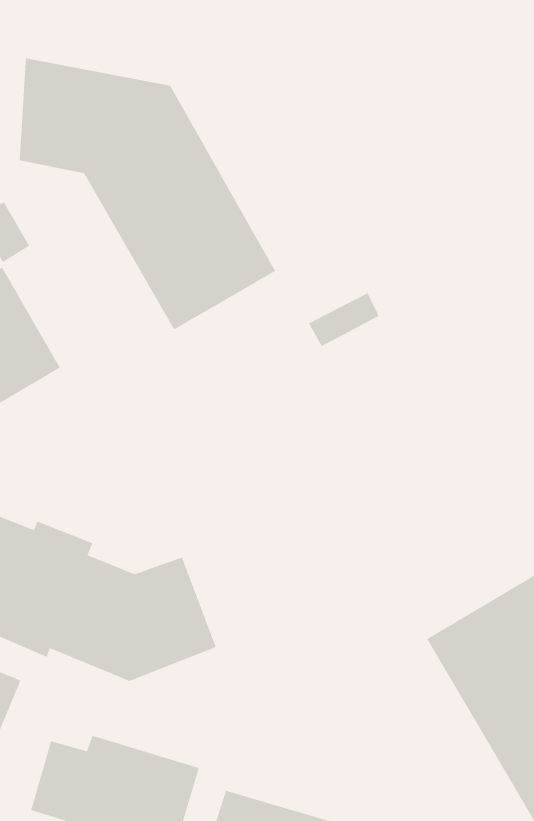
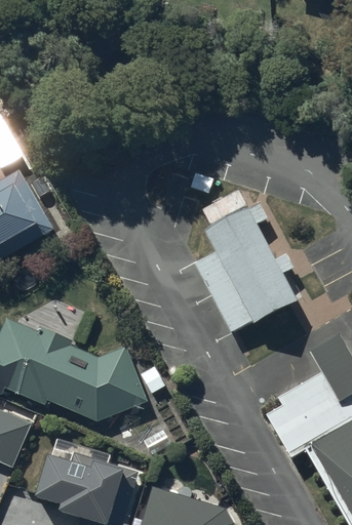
building: [19,57,276,330] -> none
building: none -> [197,203,300,332]

